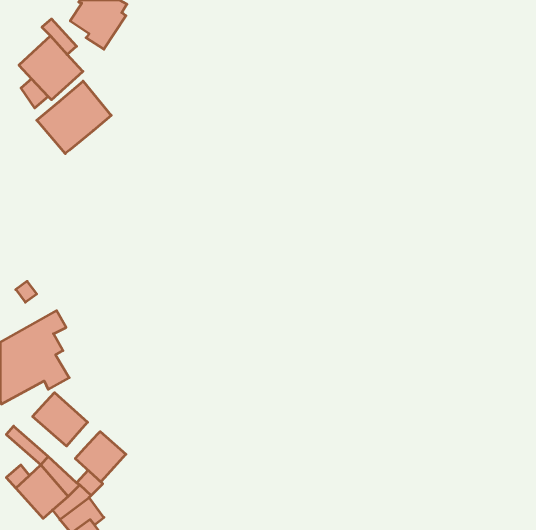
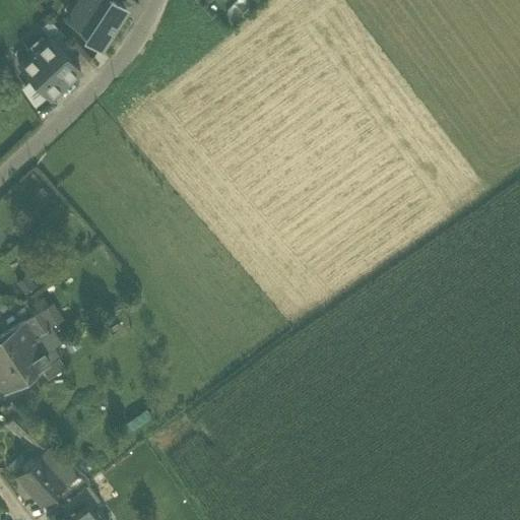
building: [37,81,111,154] -> none
building: [33,393,88,446] -> none
building: [75,432,126,482] -> none

